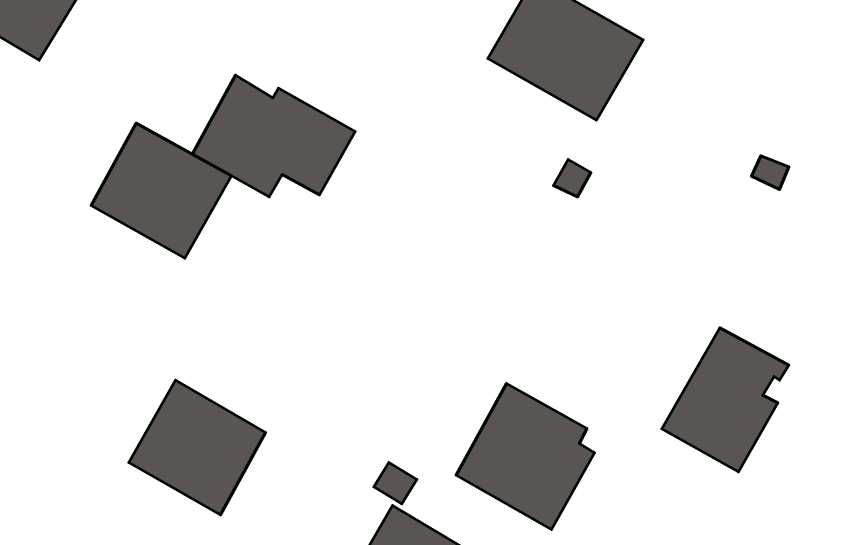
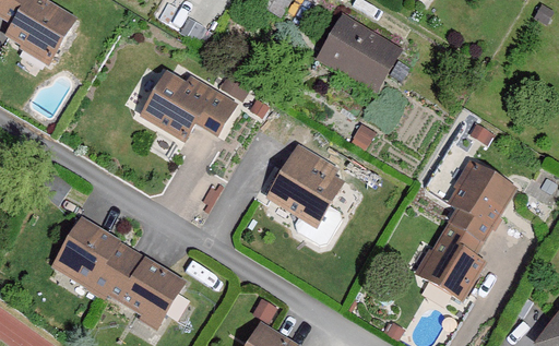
building: [91,123,231,258] -> [49,217,131,296]
building: none -> [447,164,516,239]
building: [456,384,594,530] -> [261,141,342,226]

